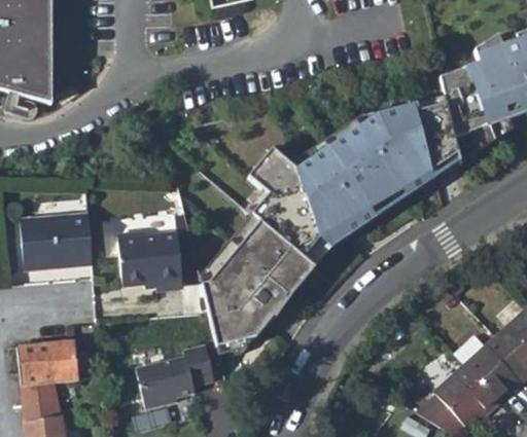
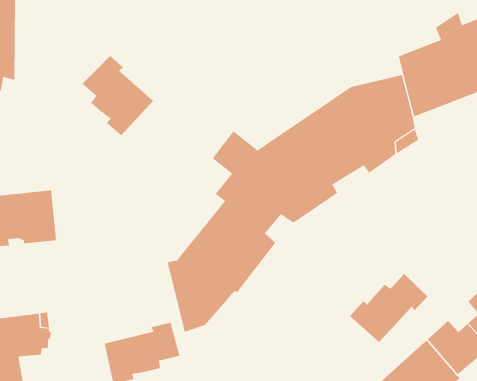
building: none -> [81,55,154,136]
building: [117,228,183,287] -> none
building: none -> [349,273,428,343]

